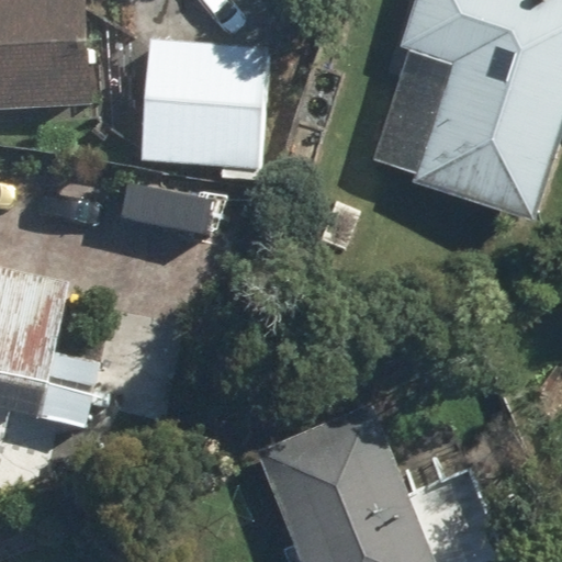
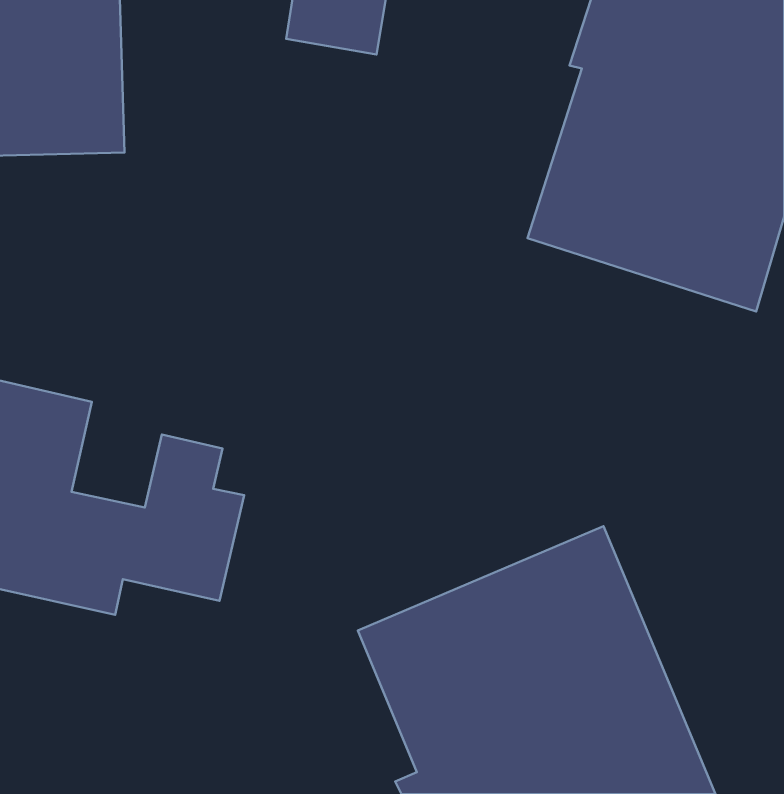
building: [137,42,268,180] -> none

